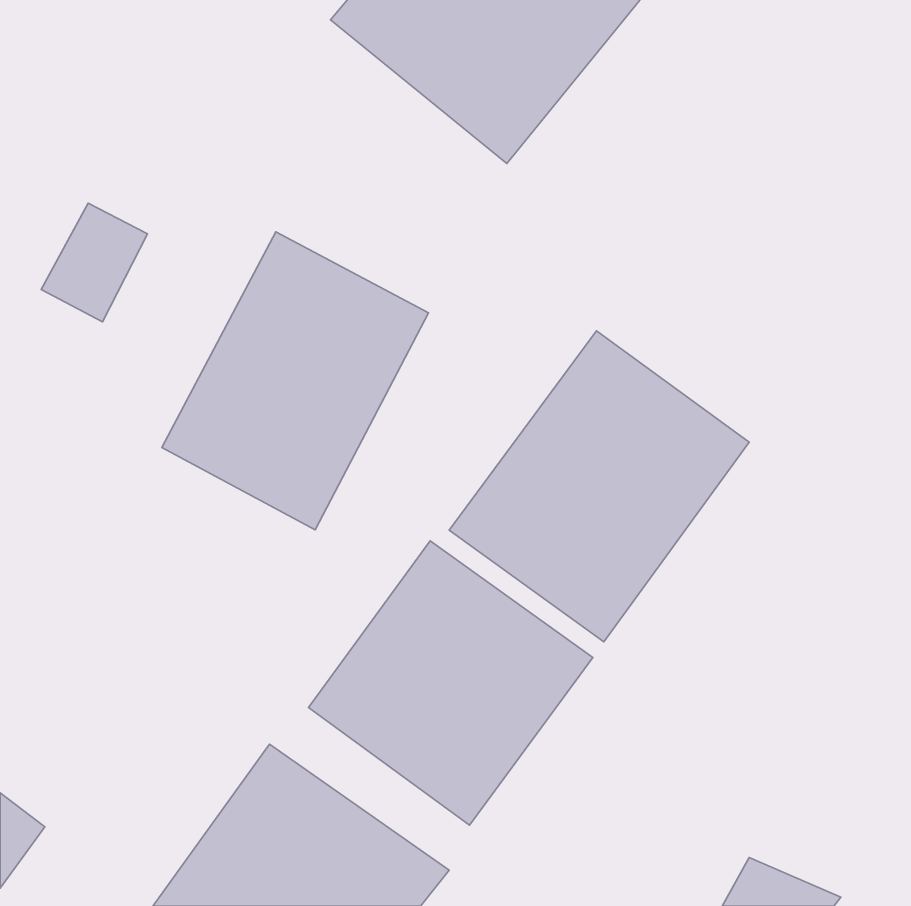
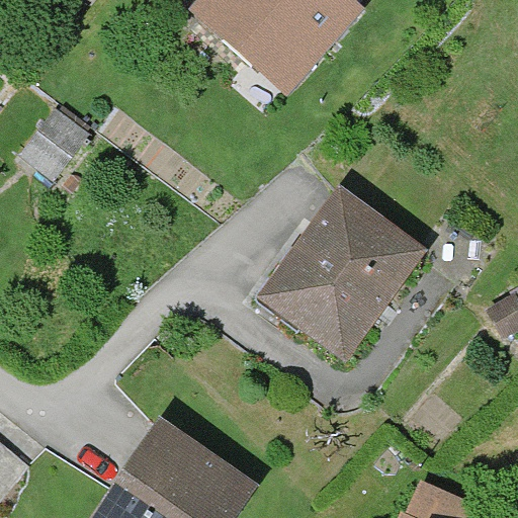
building: [162,232,429,530] -> none
building: [309,541,593,825] -> none

